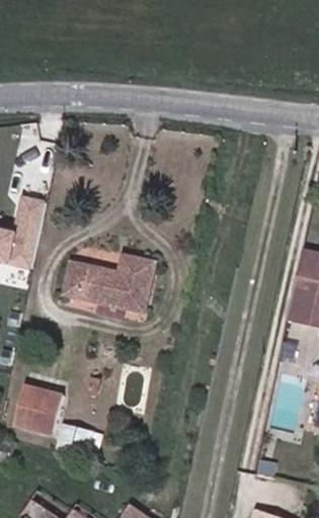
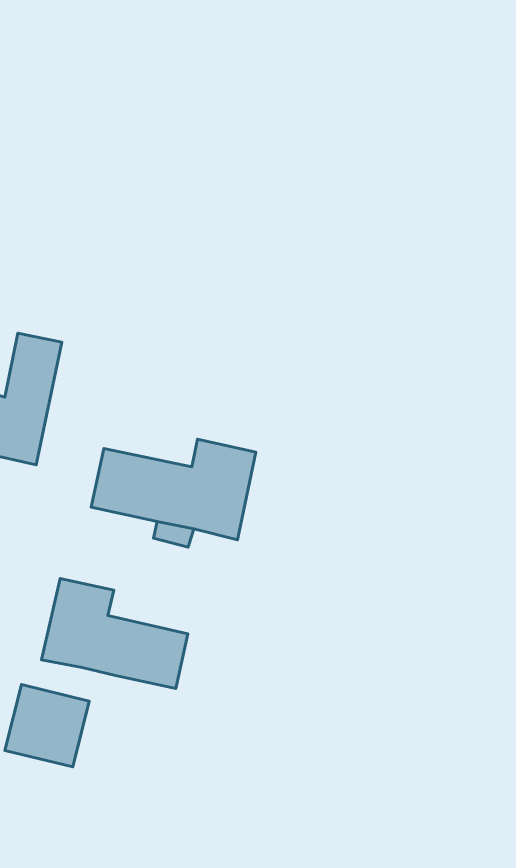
building: none -> [41,579,188,688]

